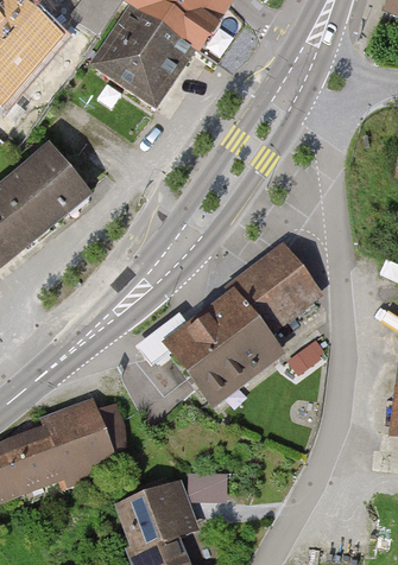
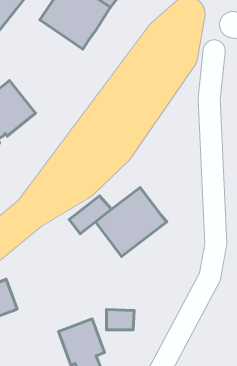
building: [229,248,315,337] -> none
building: [48,402,124,484] -> none

